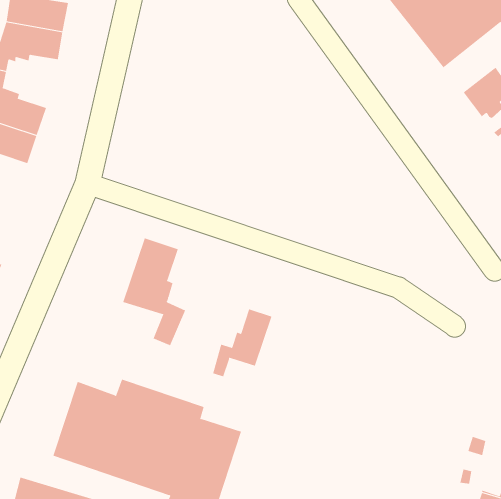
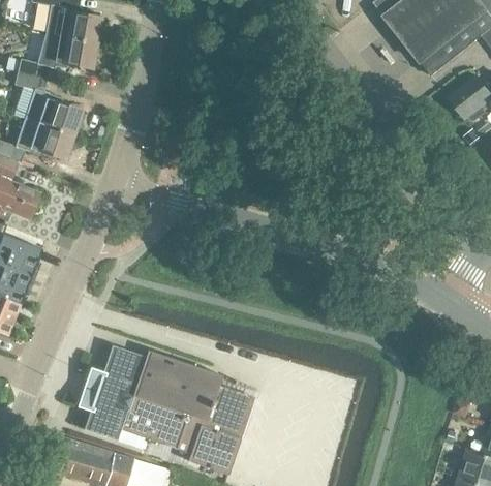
building: [123,238,186,346] -> none
building: [213,308,272,377] -> none

